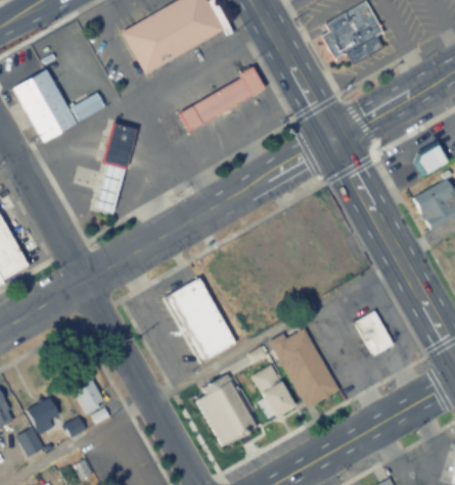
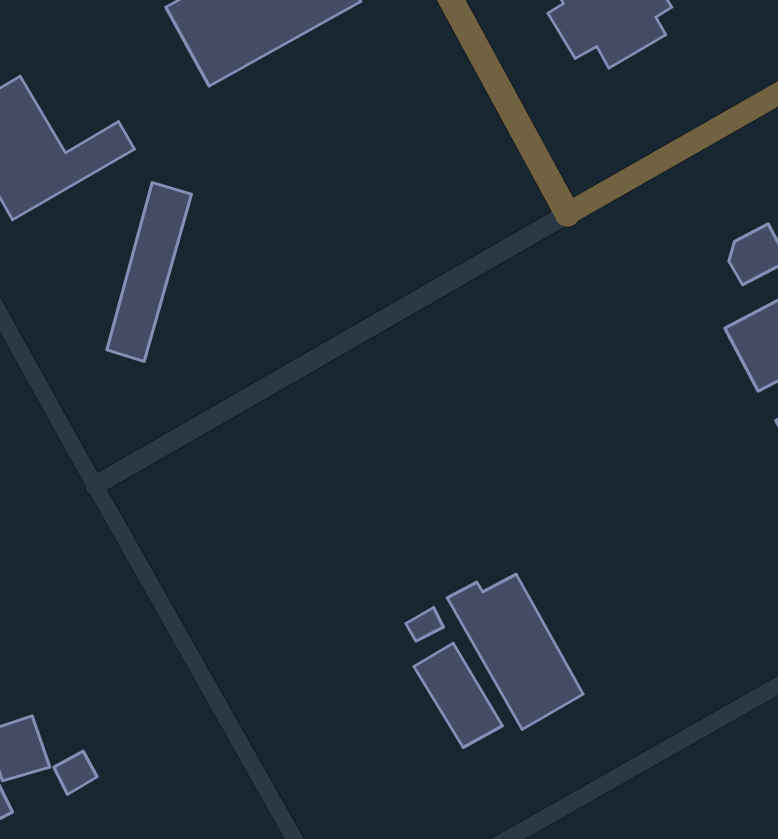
building: [180,67,265,130] -> none
building: [164,276,238,362] -> none
building: [355,308,395,354] -> none
building: [191,370,260,449] -> none
building: [71,376,104,415] -> none

